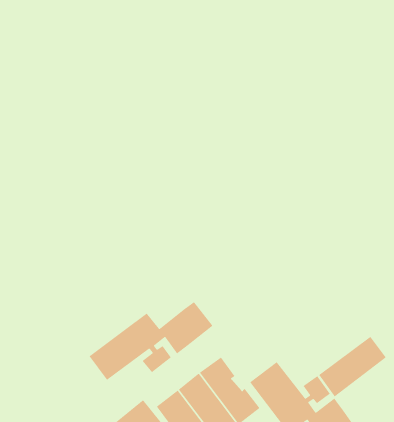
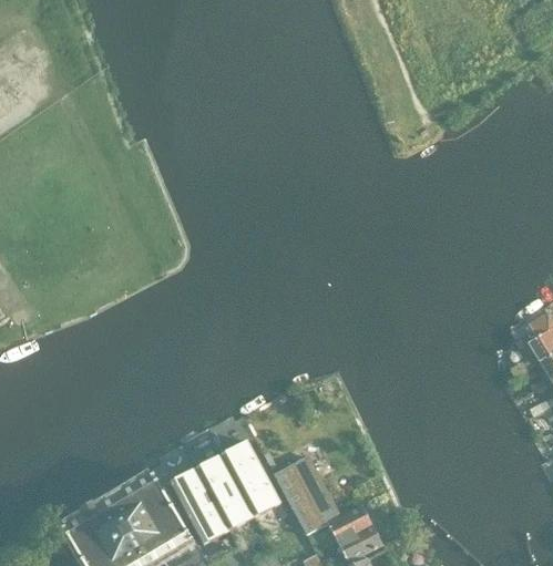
building: [88,301,213,381] -> none
building: [318,336,387,397] -> none

